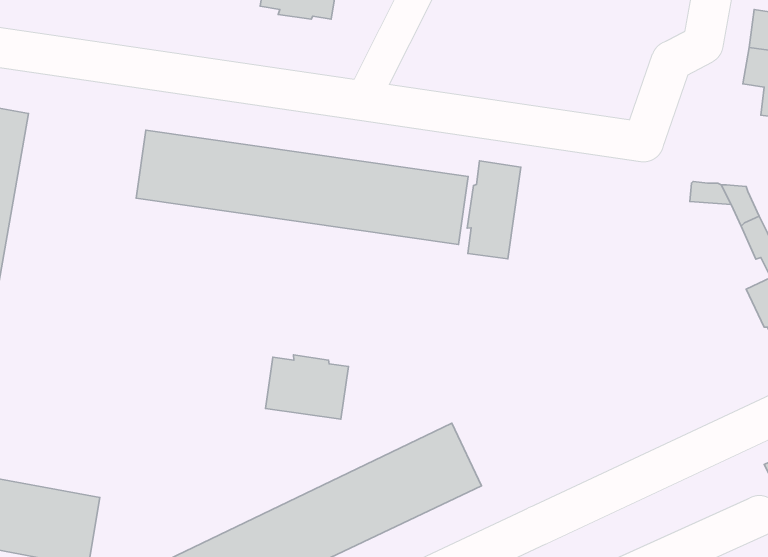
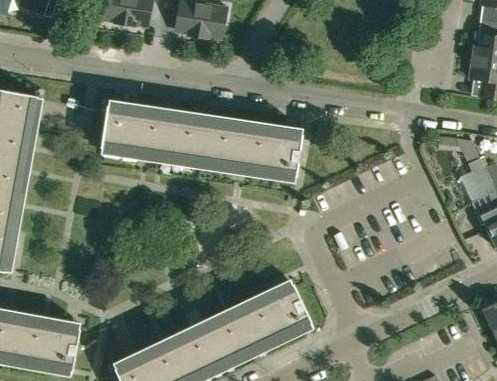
building: [467,161,521,259] -> none
building: [266,355,348,419] -> none

